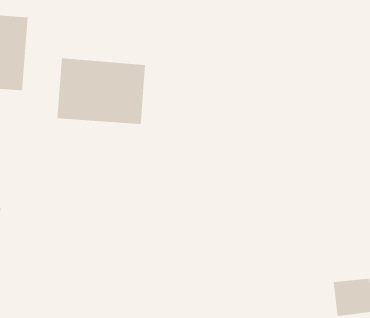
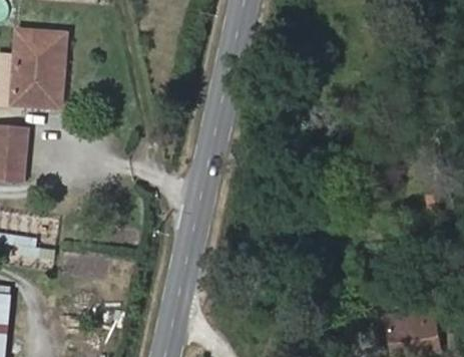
building: [57,58,145,125] -> none

